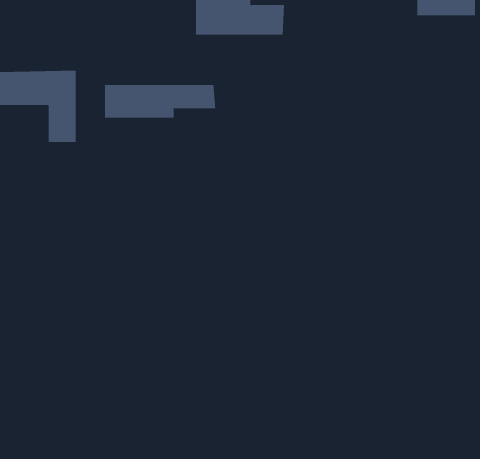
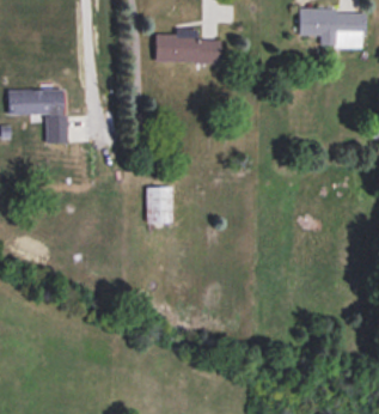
building: [105,84,216,118] -> none
building: none -> [147,187,172,223]

